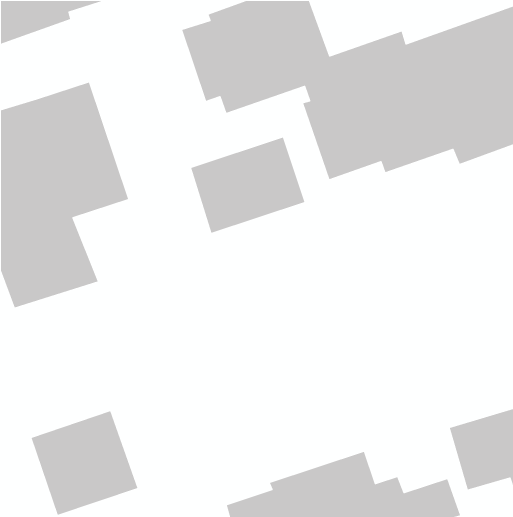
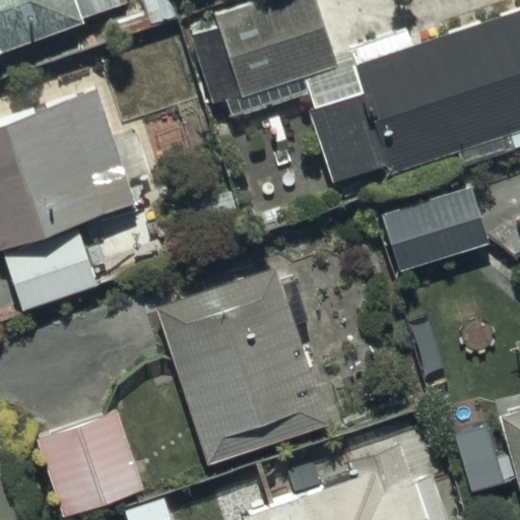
building: [190,137,306,234] -> none
building: none -> [380,185,490,273]
building: none -> [155,266,328,464]

